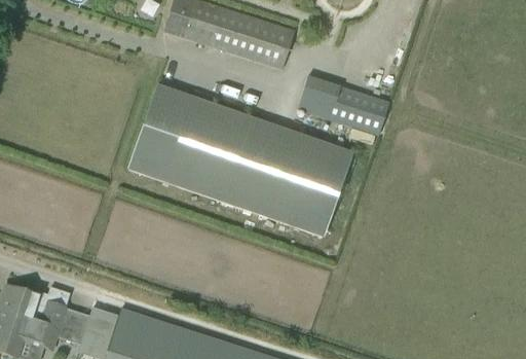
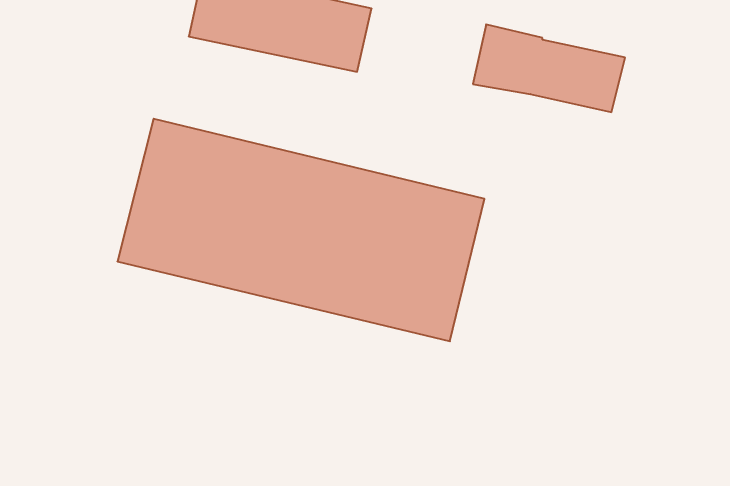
building: [298,74,390,134] -> [473,24,625,112]

